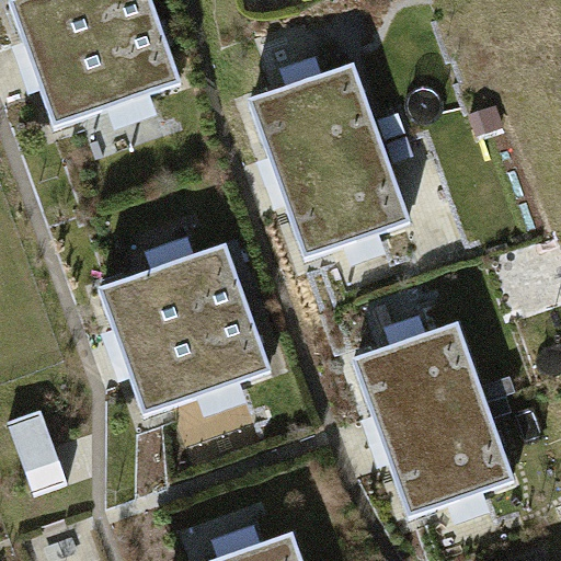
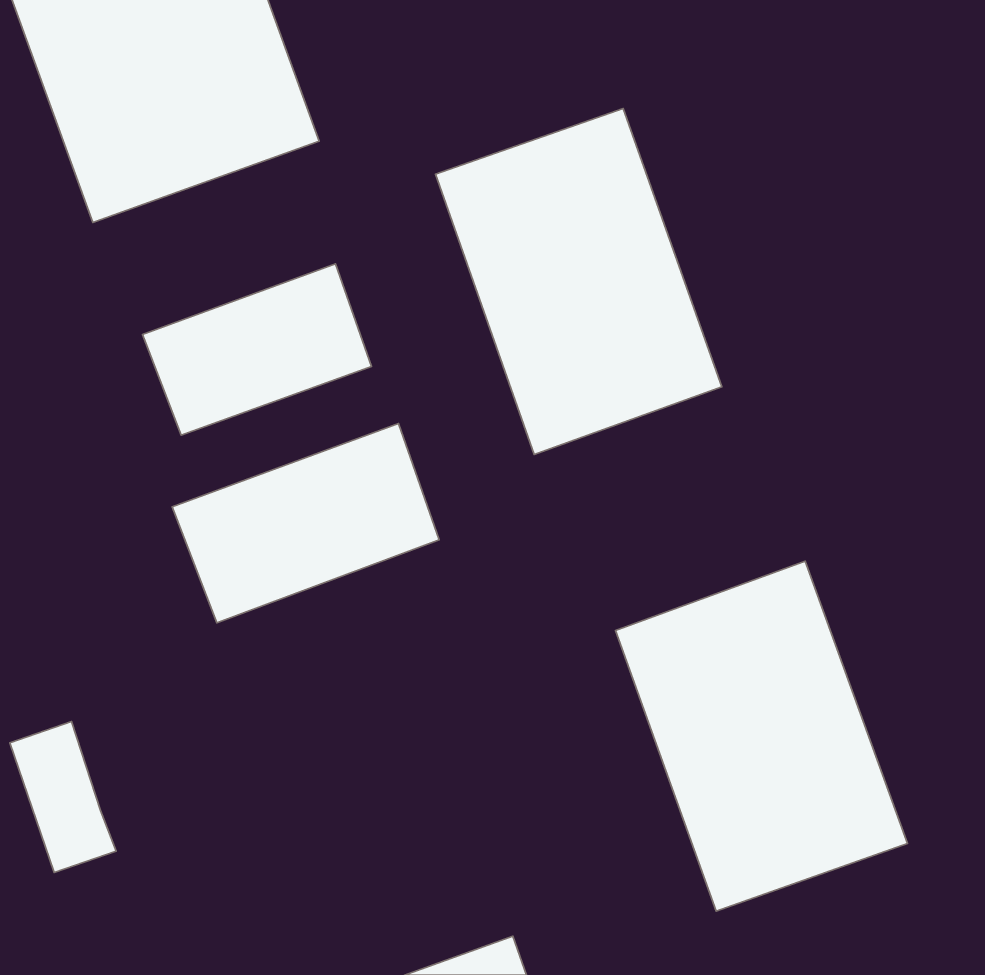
building: none -> [143,264,372,435]
building: [123,306,273,416] -> none

